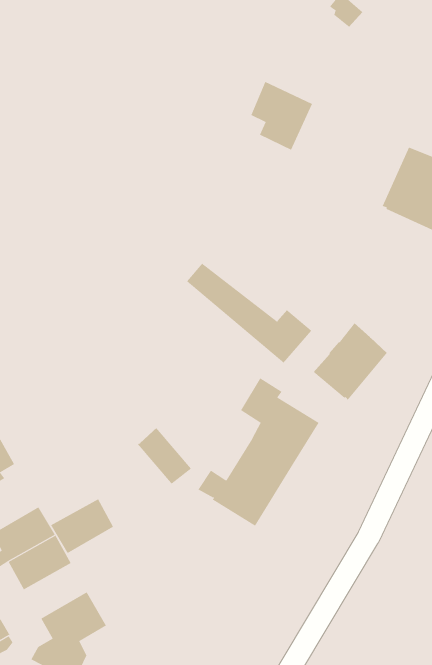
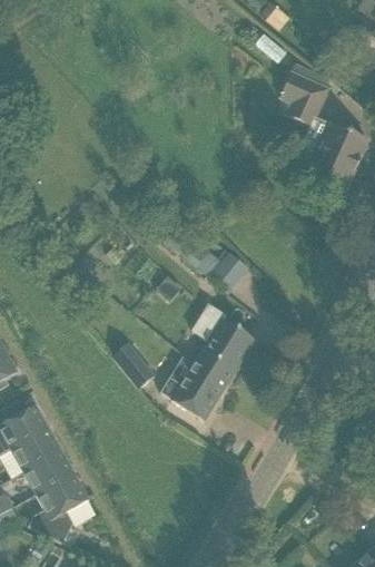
building: [251,81,313,151] -> [279,71,328,126]
building: [313,322,387,400] -> none
building: [50,498,114,554] -> [22,450,72,493]

